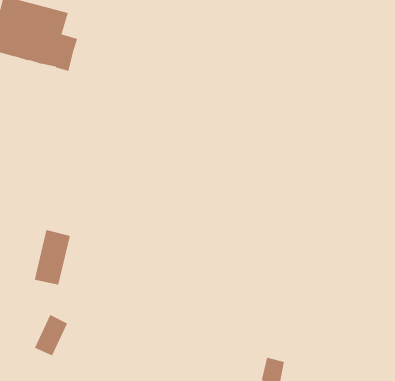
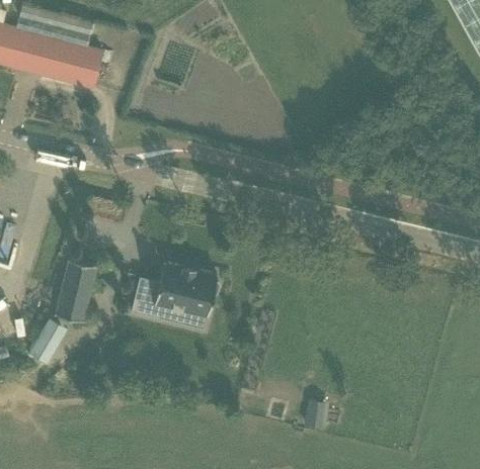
building: none -> [131,263,219,319]
building: [34,314,68,356] -> [27,316,65,363]

